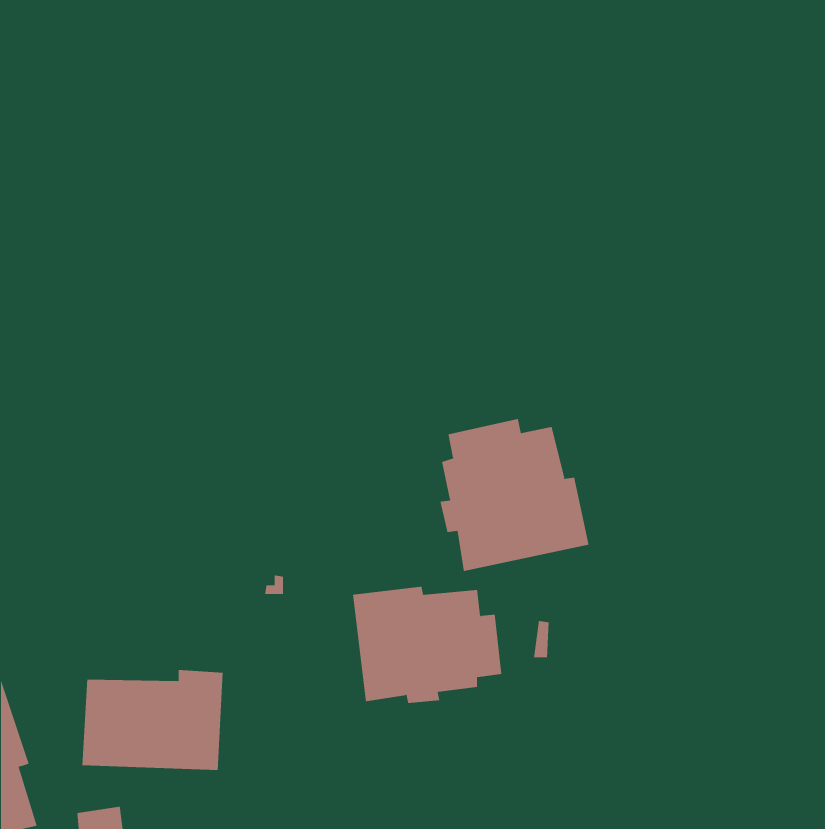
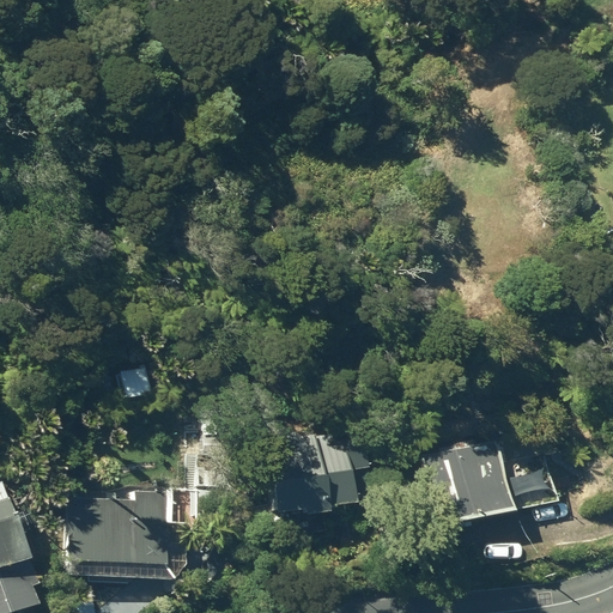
building: [440,418,589,572] -> none
building: none -> [421,444,554,530]

